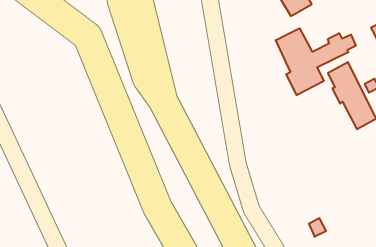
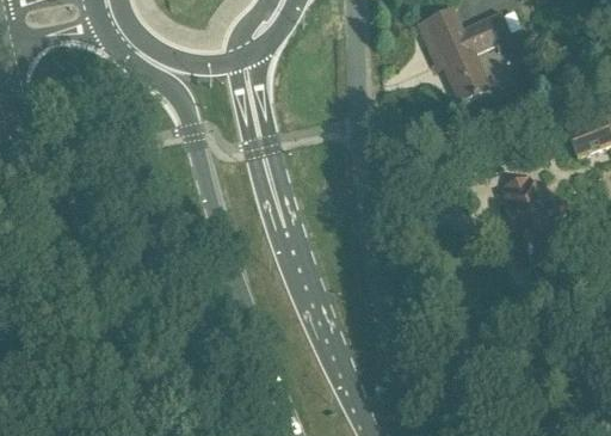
building: [276,28,356,95] -> none

